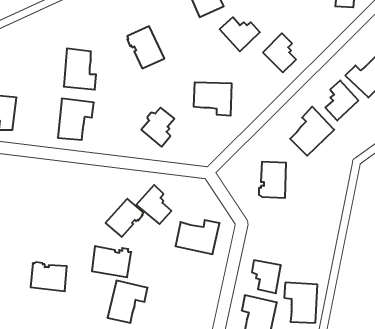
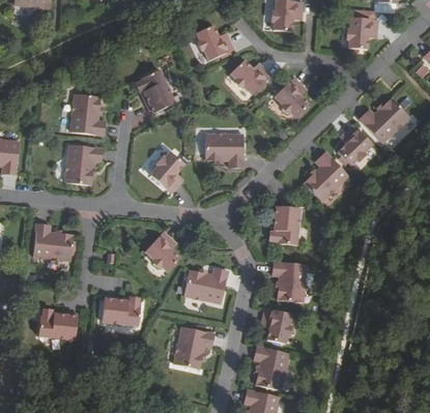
building: none -> [29,224,69,261]
building: [106,199,143,237] -> none
building: [107,281,148,323] -> [176,327,218,371]
building: [284,283,317,323] -> [275,263,309,304]

